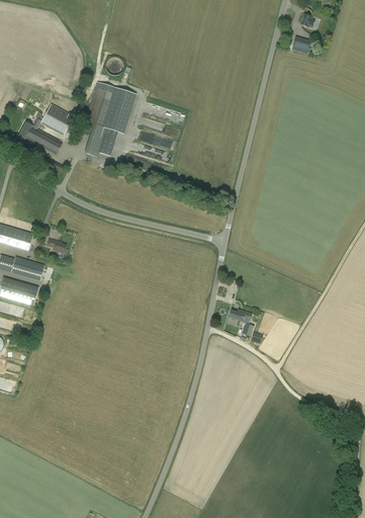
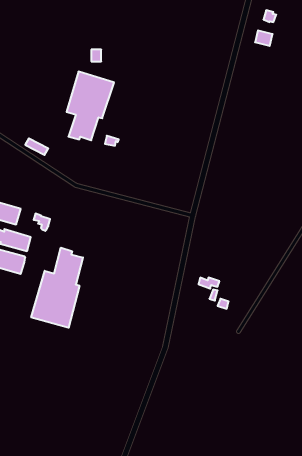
building: [18,103,72,155] -> none
building: none -> [31,248,83,328]

